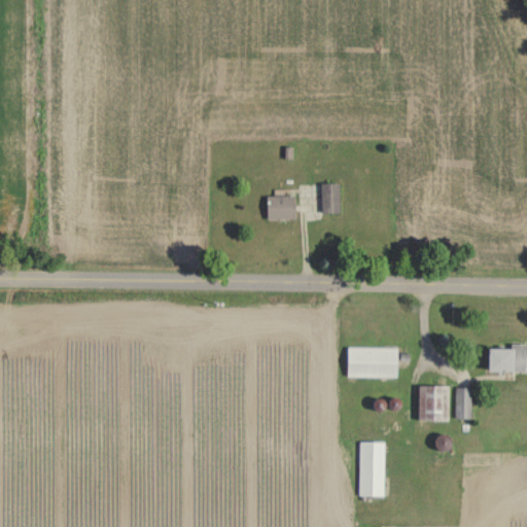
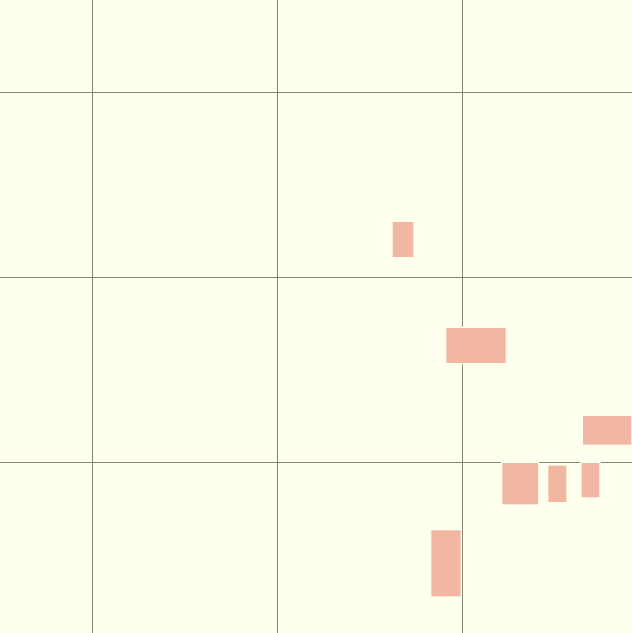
building: [272,198,302,220] -> none
building: [347,347,397,377] -> [445,327,506,363]
building: none -> [581,462,600,498]

